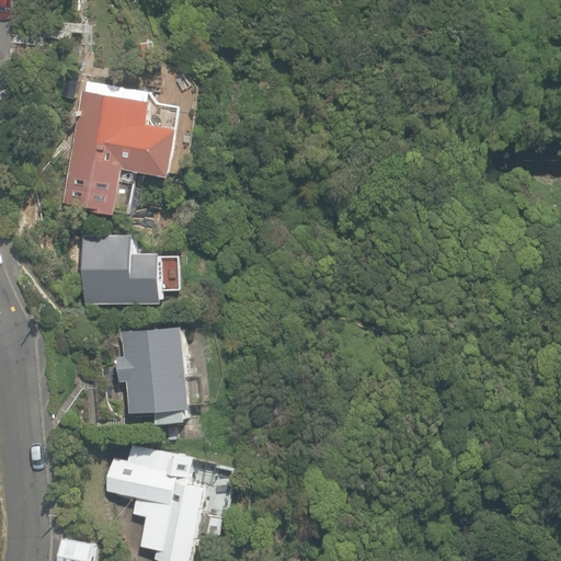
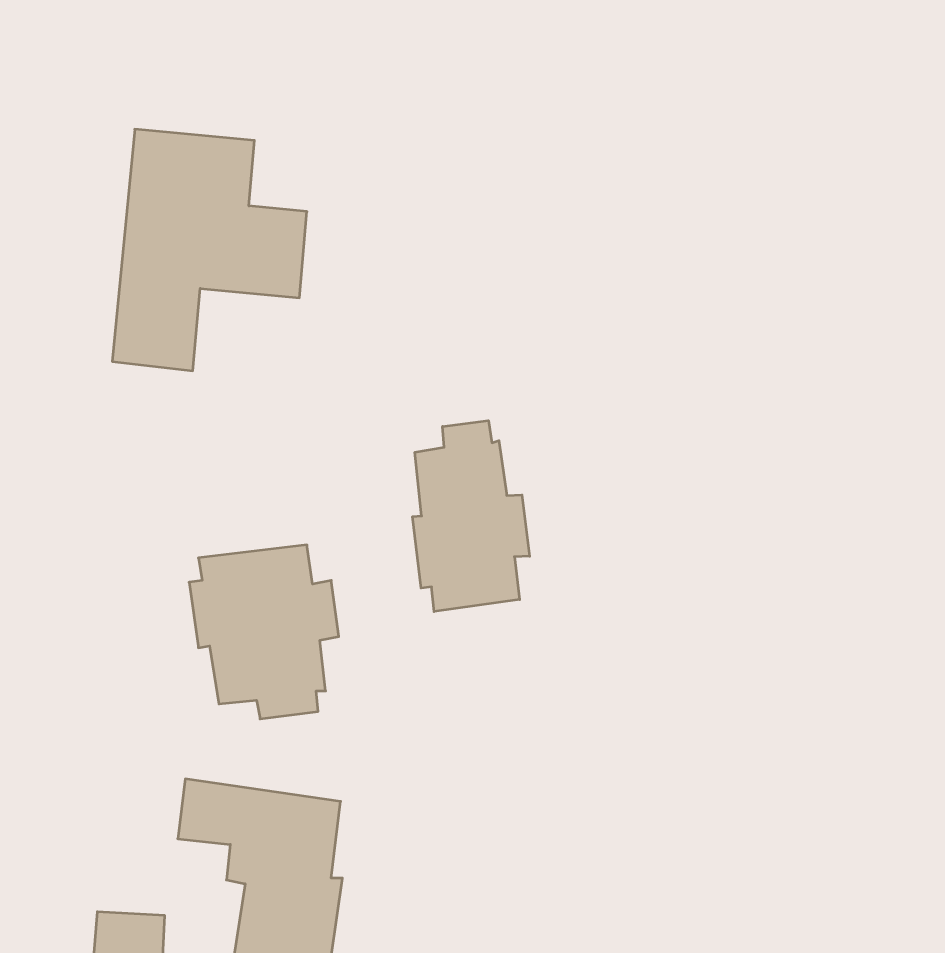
building: [80,232,179,307] -> none
building: none -> [413,421,530,612]

